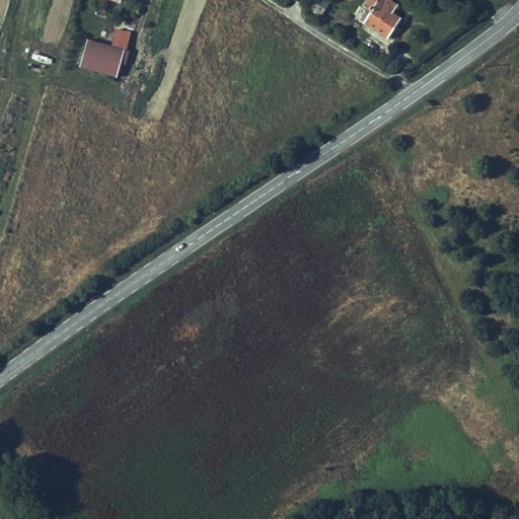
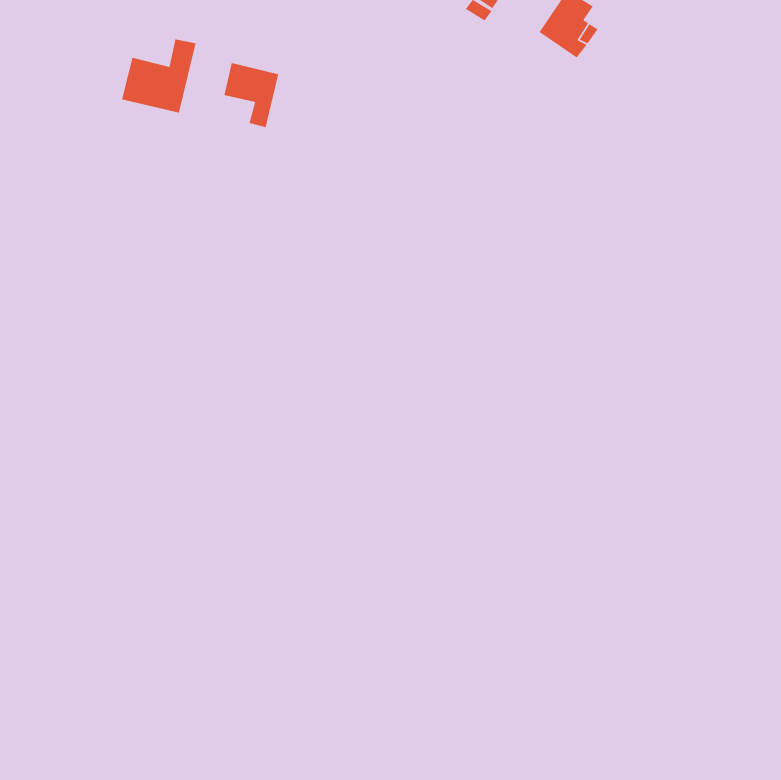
building: none -> [224,62,279,128]

